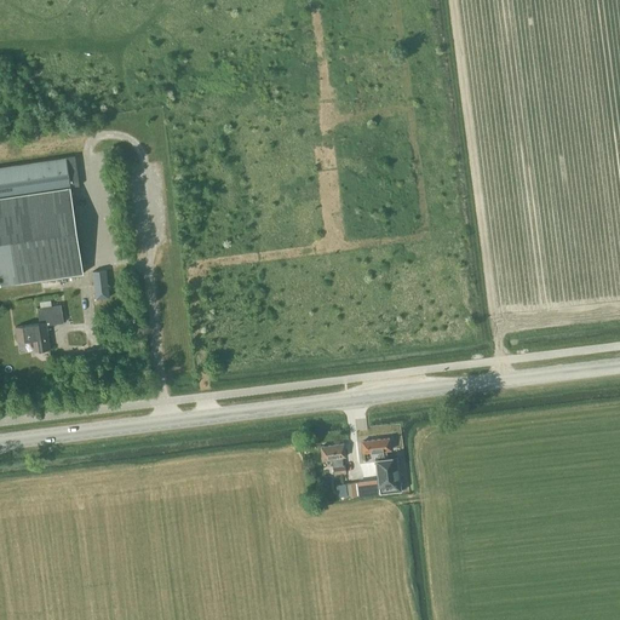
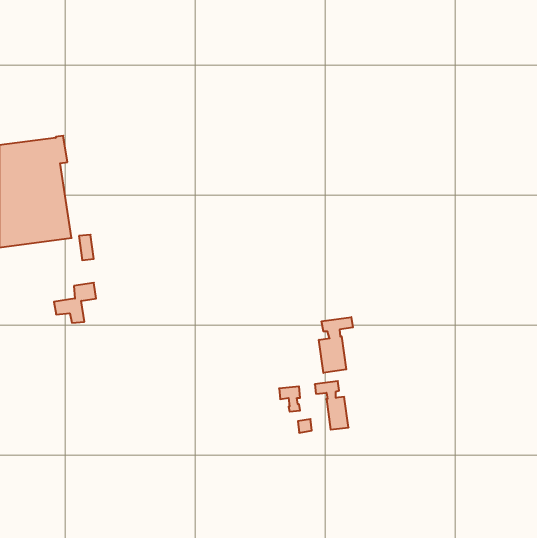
building: [13,305,62,351] -> [54,283,96,323]
building: none -> [319,317,353,373]

